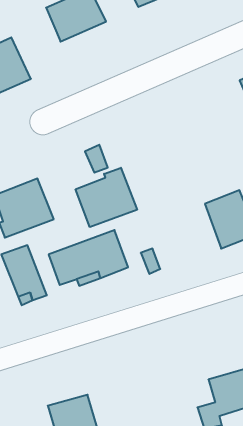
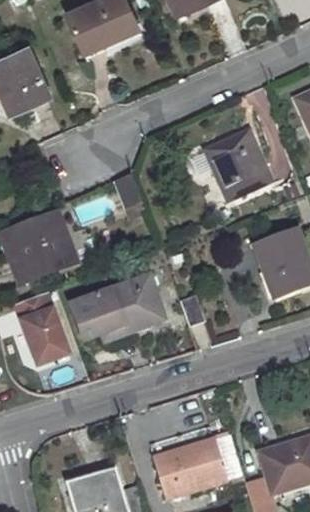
building: none -> [203,128,273,202]
building: [76,168,137,227] -> none
building: none -> [154,435,243,498]

